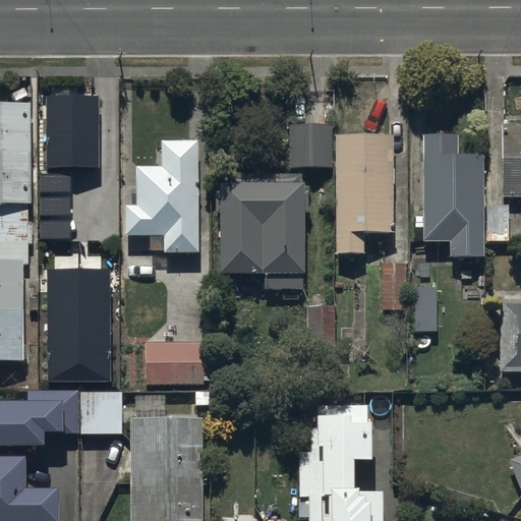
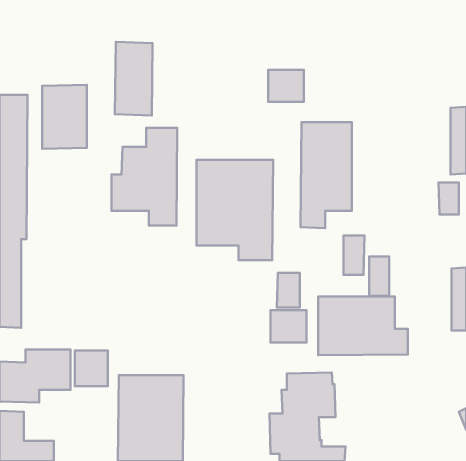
building: none -> [115,42,152,116]
building: [421,126,484,255] -> none
building: [292,127,332,163] -> [268,70,304,102]
building: [49,270,110,381] -> none
building: none -> [318,297,408,355]
building: [147,341,201,382] -> none
building: none -> [271,310,306,343]

